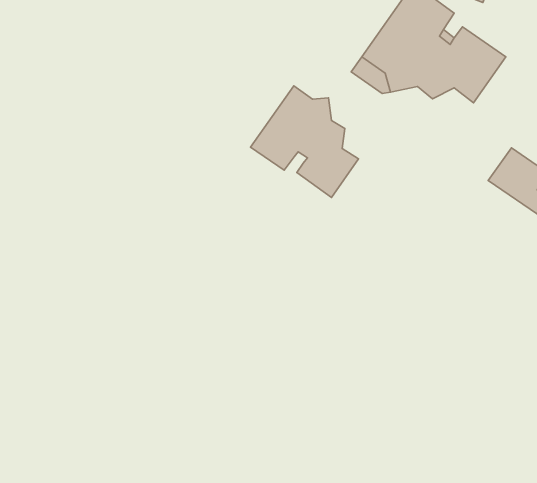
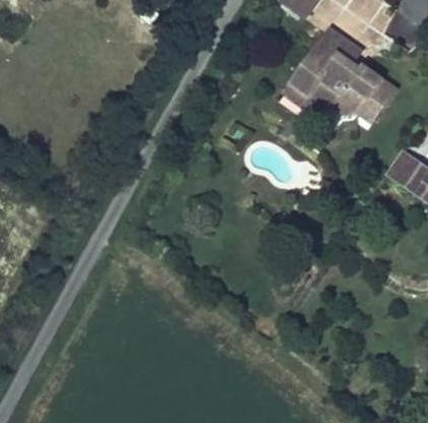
building: [250,86,359,198] -> none

